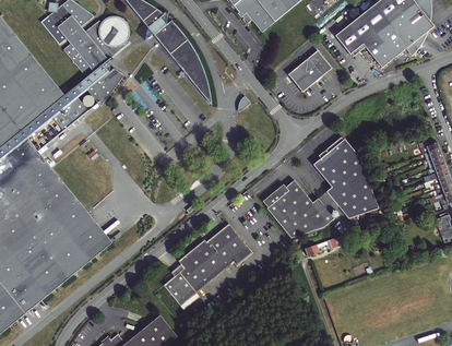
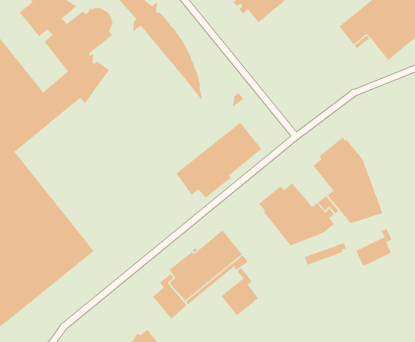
building: [288,50,333,92] -> none
building: none -> [175,122,262,199]
building: none -> [355,228,392,267]
building: none -> [221,267,259,316]

